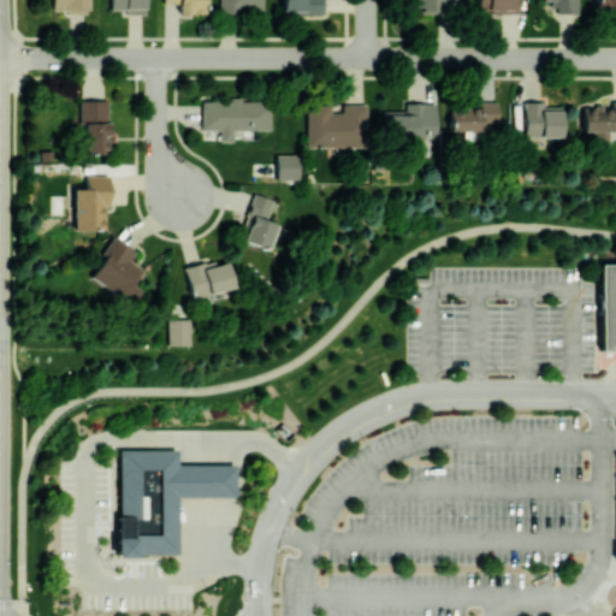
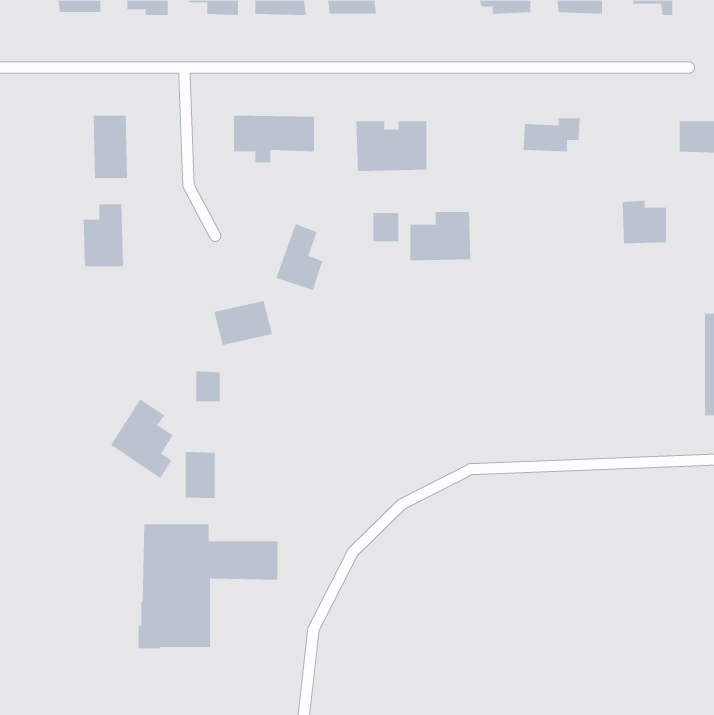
building: [386,101,439,143] -> [409,212,471,261]
building: [526,102,564,140] -> [622,200,667,244]
building: [278,155,301,180] -> [372,212,399,242]
building: [91,238,146,307] -> [110,399,174,479]
building: none -> [185,451,215,499]

